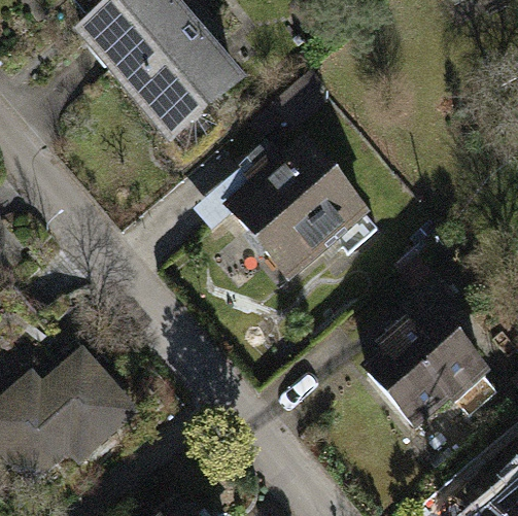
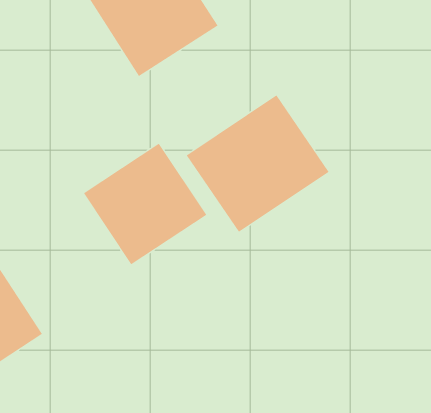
building: none -> [83,143,207,265]
building: [368,311,490,429] -> none

